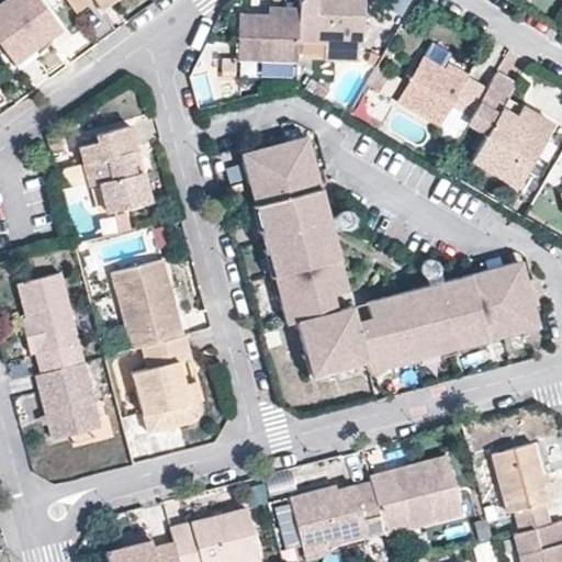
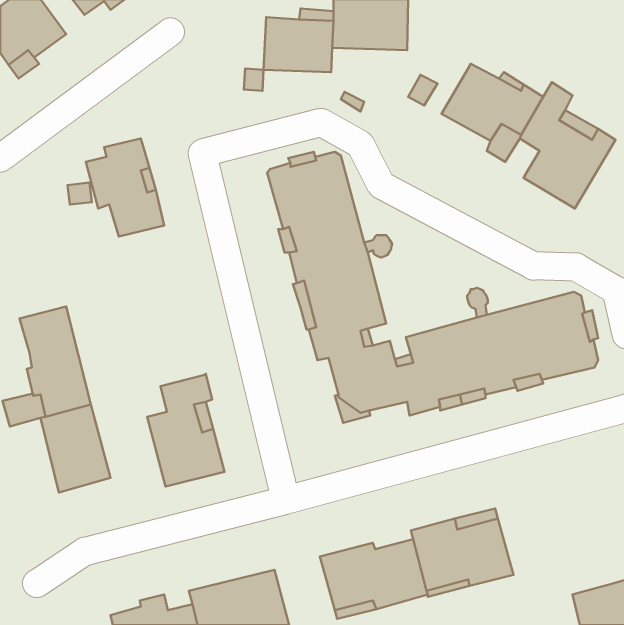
building: [114,260,184,349] -> none
building: [495,445,551,530] -> none

